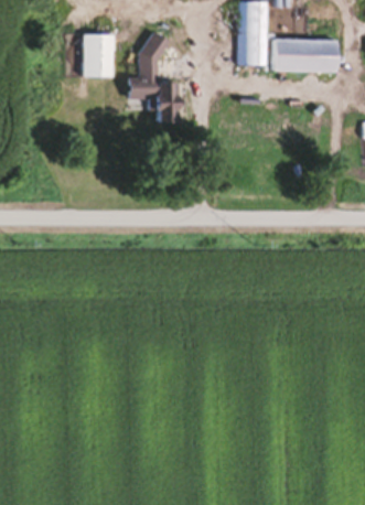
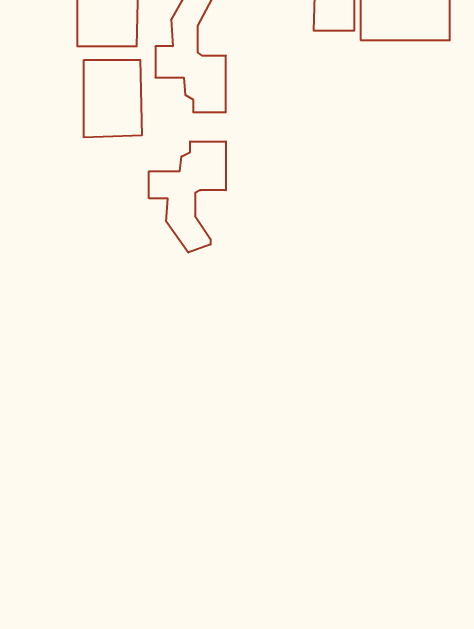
building: none -> [84,60,142,137]
building: none -> [149,141,226,253]

